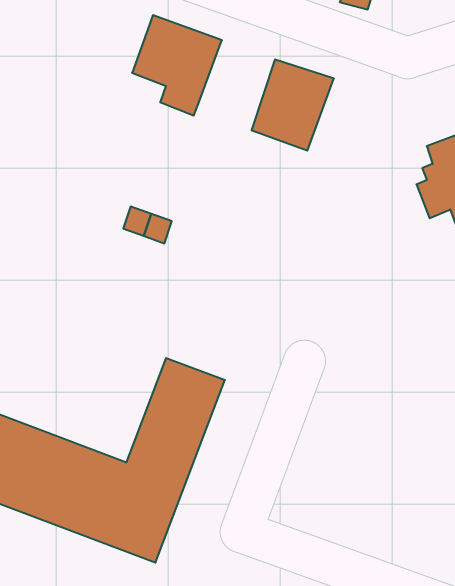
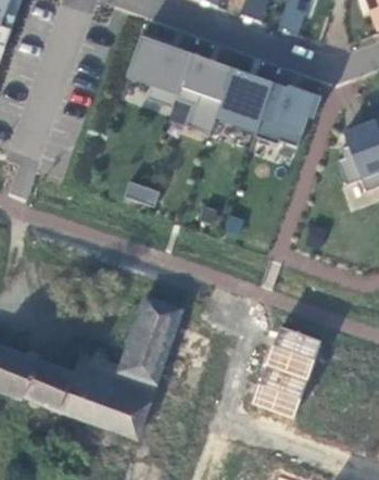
building: none -> [174,55,230,137]
building: none -> [254,84,324,148]
building: none -> [251,323,318,418]

